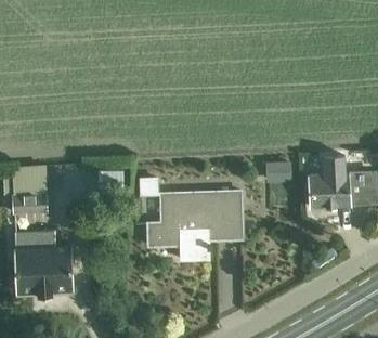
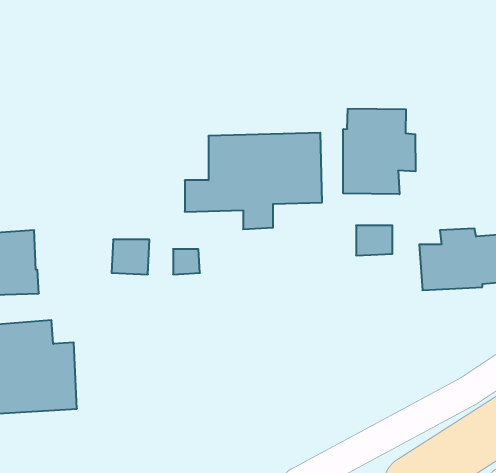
building: none -> [343,109,416,194]
building: [146,192,240,258] -> [185,133,322,229]

